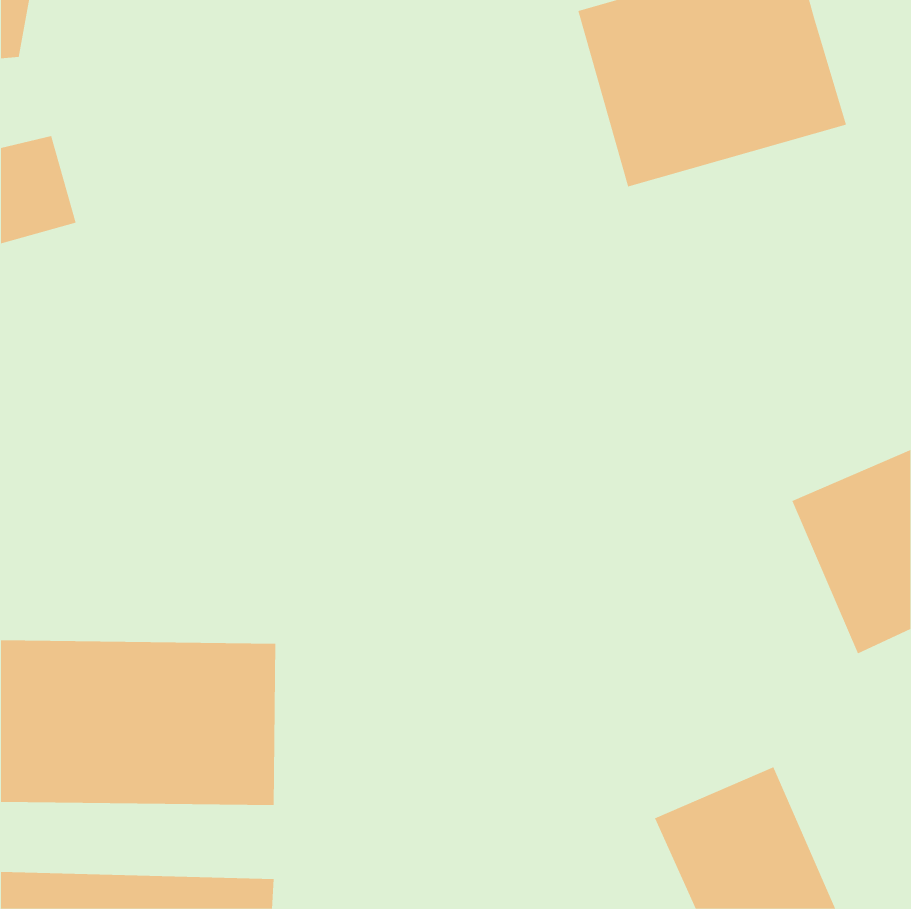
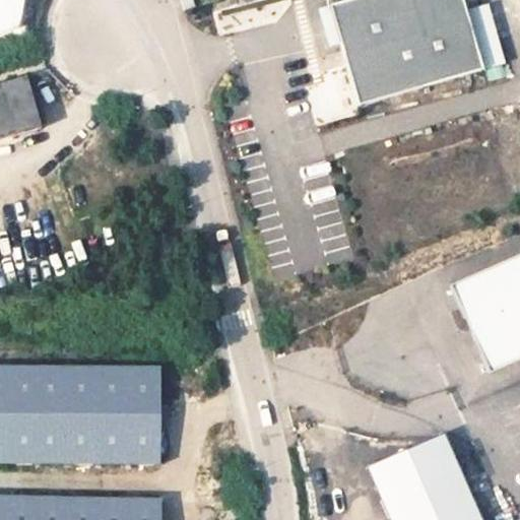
building: none -> [464,4,503,71]

